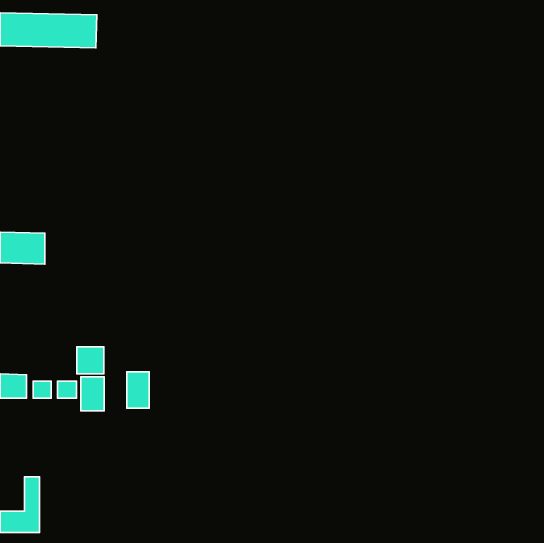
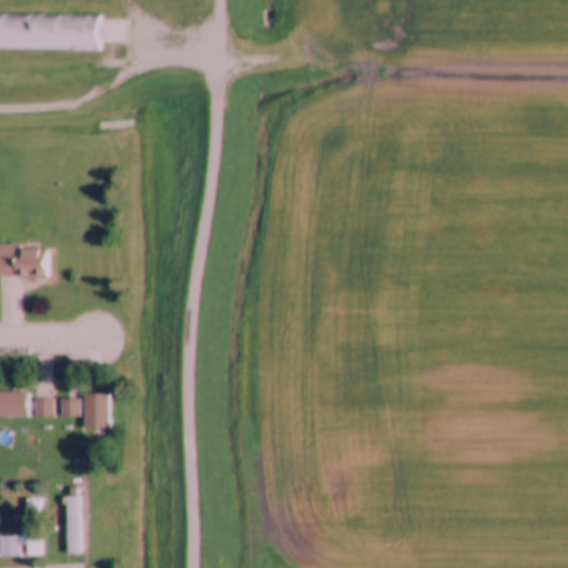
building: [77,347,104,374] -> none
building: [127,372,149,408] -> none
building: none -> [64,495,80,554]

